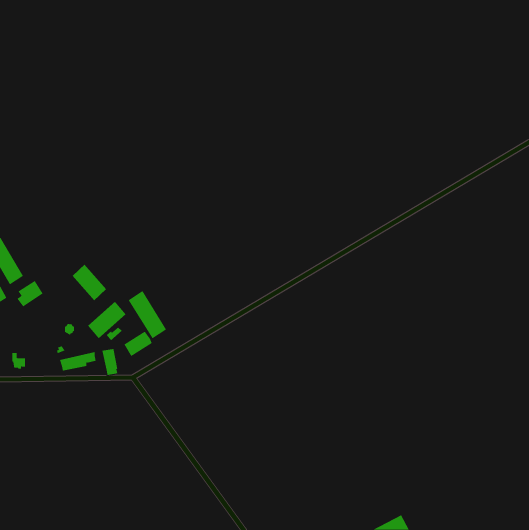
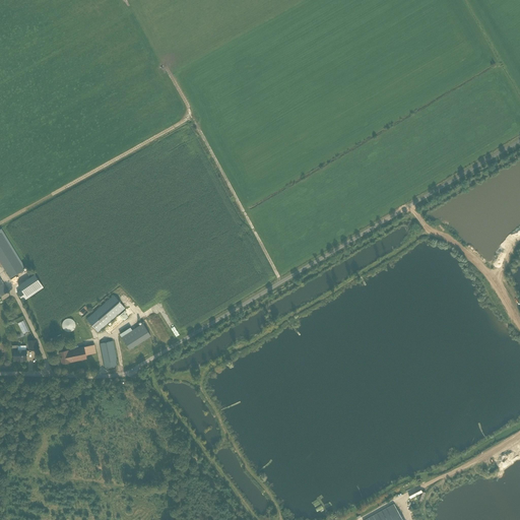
building: [72,264,107,301] -> none
building: [128,290,167,339] -> none

